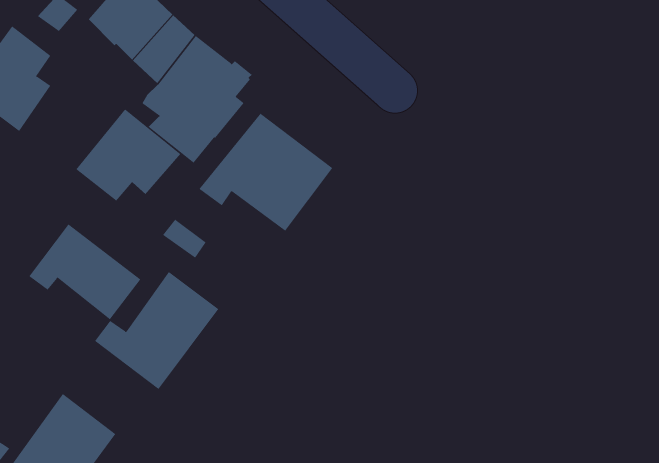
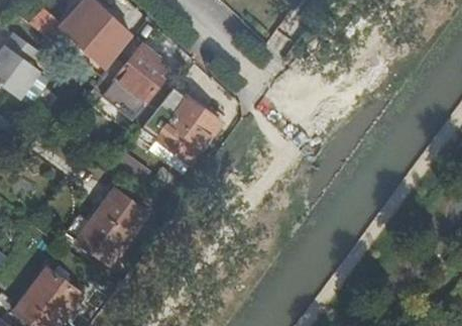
building: [76,109,181,201] -> none
building: [29,224,141,320] -> none

